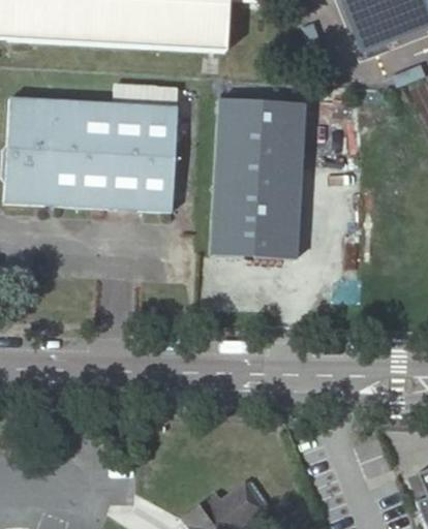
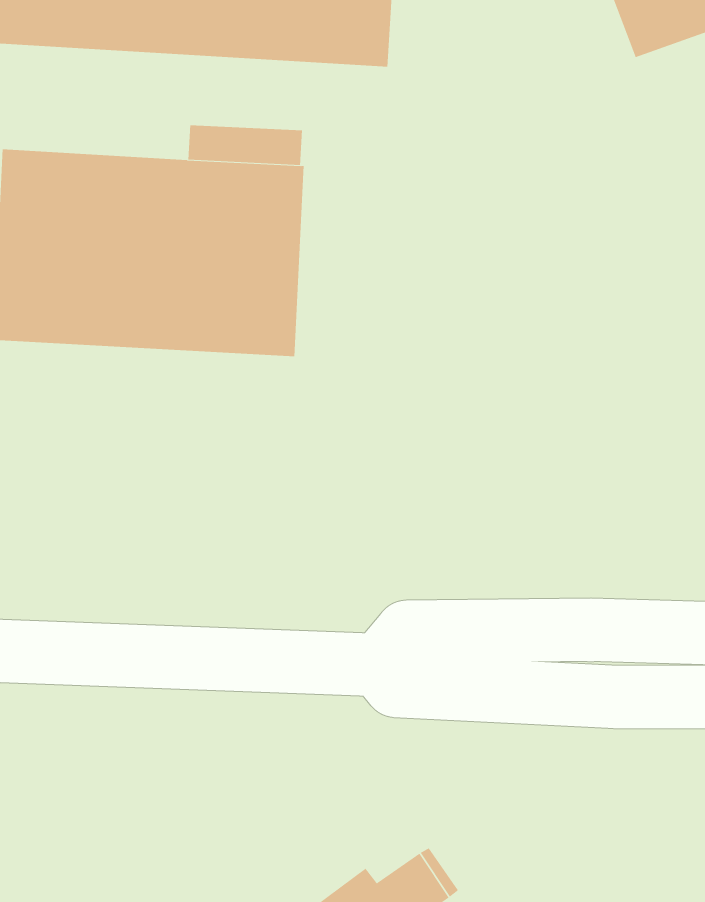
building: [205,91,306,253] -> none

